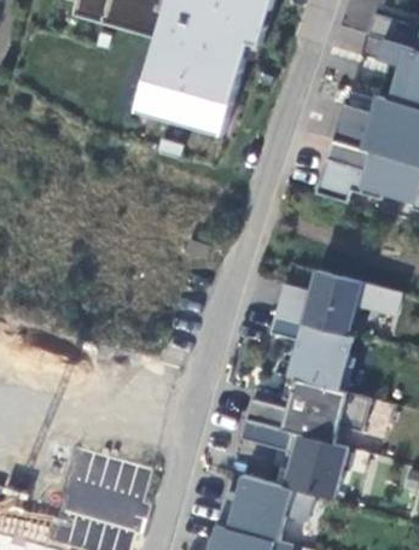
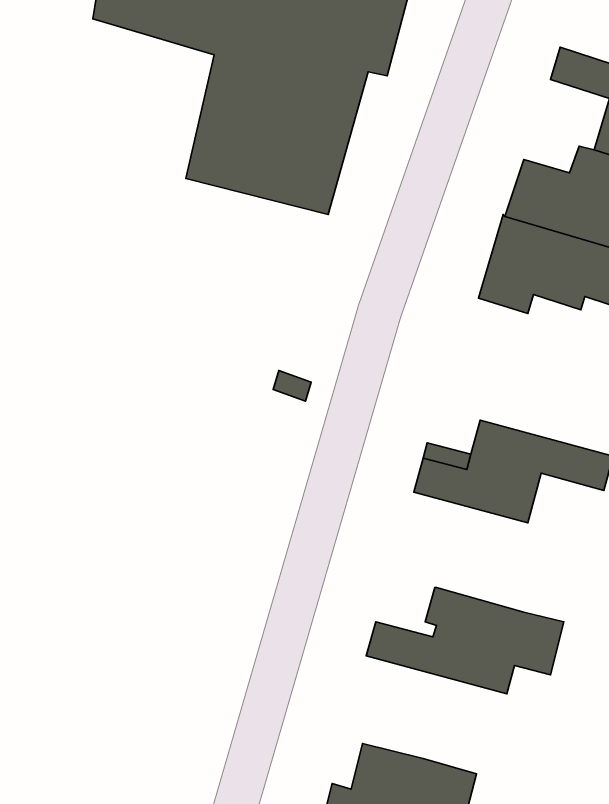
building: [270,315,354,391] -> none
building: [240,419,347,498] -> none

